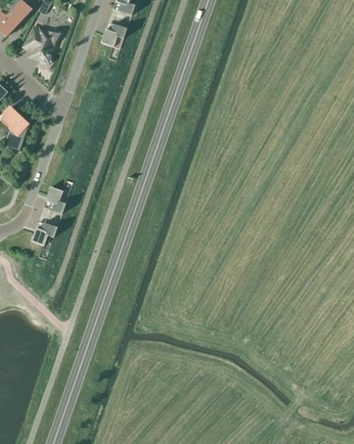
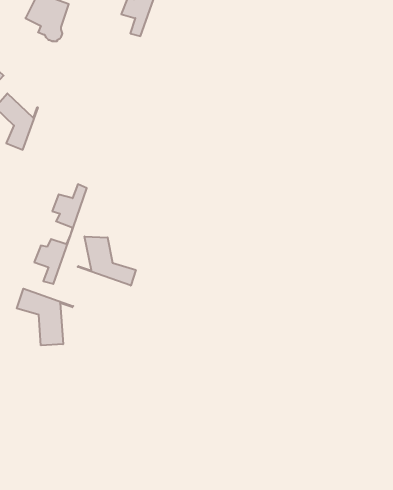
building: none -> [78,236,136,286]
building: none -> [17,289,73,345]

